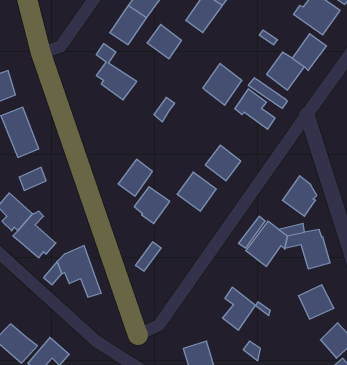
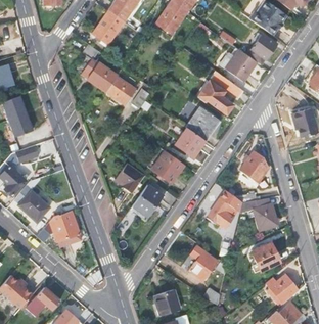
building: [147,24,181,59] -> [104,74,133,102]
building: [203,63,242,105] -> [184,105,217,140]
building: [118,159,152,196] -> [130,184,158,215]

